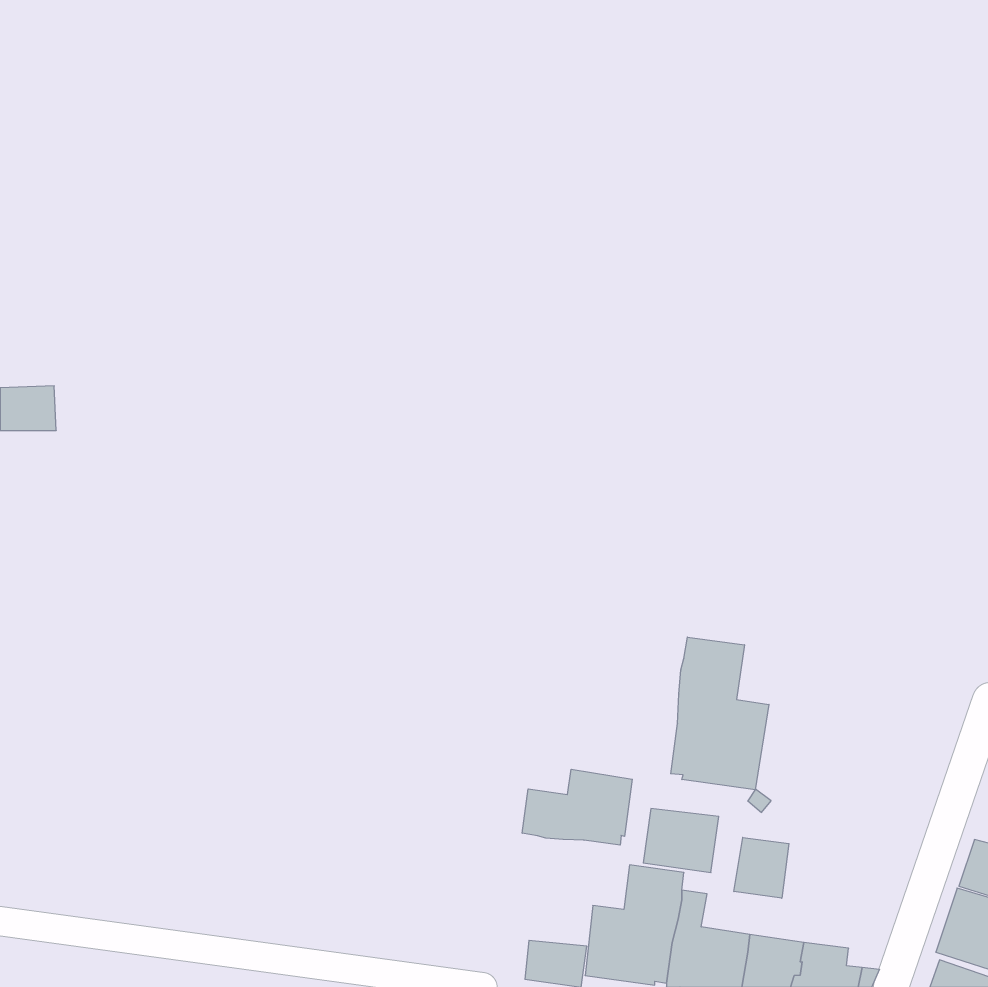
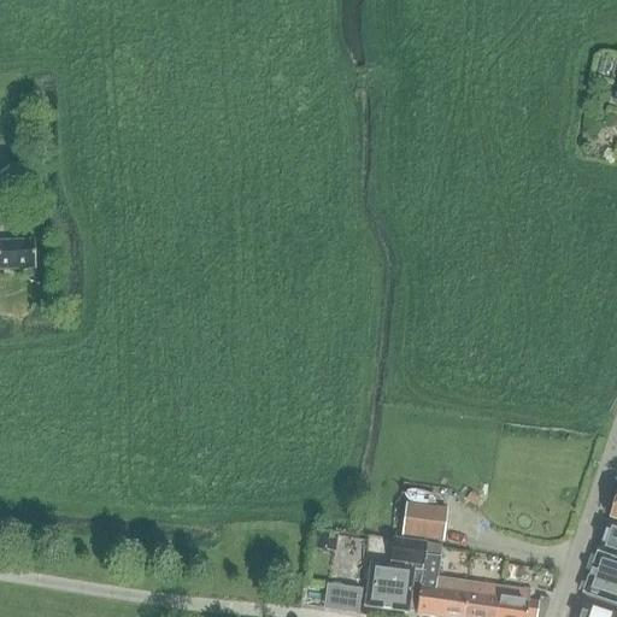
building: [671,637,769,790] -> none
building: [522,769,632,845] -> none
building: [734,837,789,898] -> none

